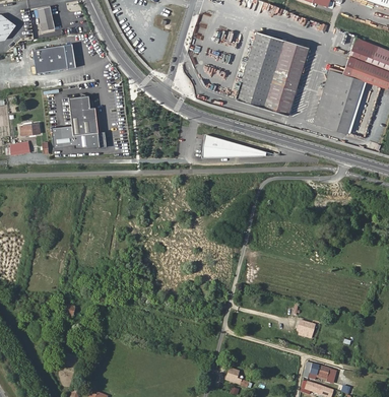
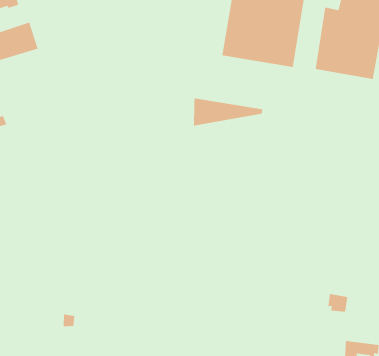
building: [53,96,106,152] -> none

